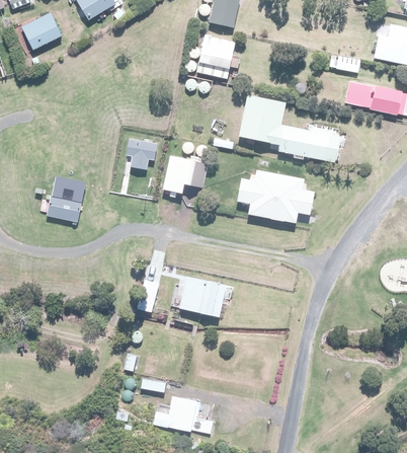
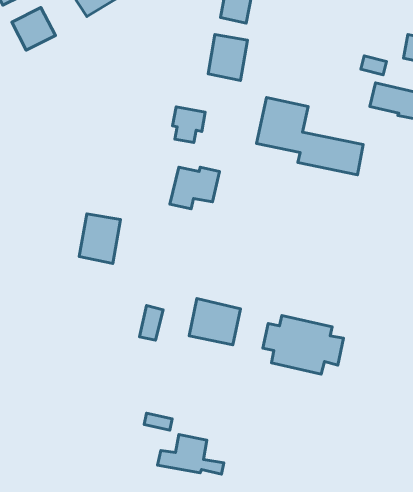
building: [127,137,156,169] -> [173,107,205,143]
building: [240,173,313,226] -> [263,316,343,374]
building: [48,176,85,221] -> [79,214,121,263]

